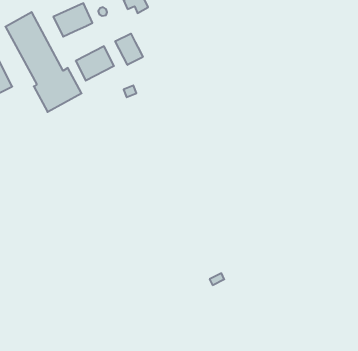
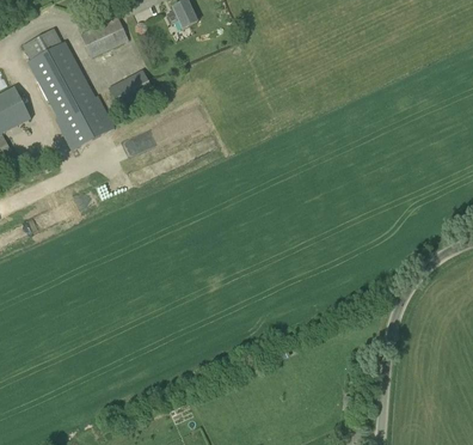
building: [115,34,143,65] -> none

